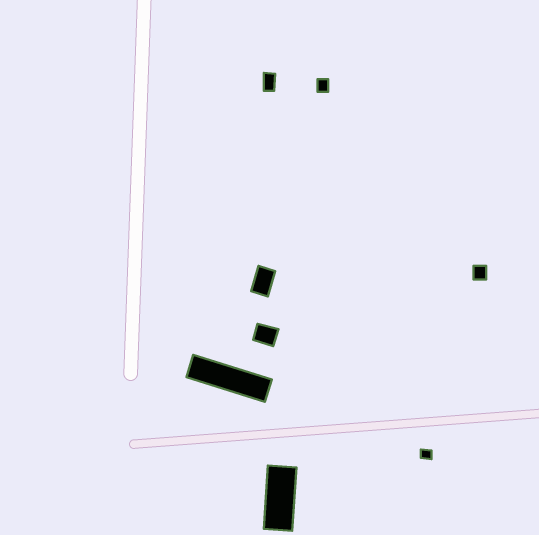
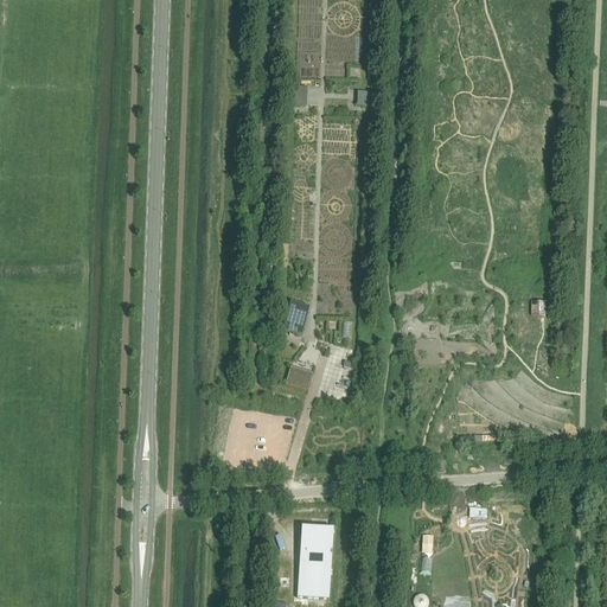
building: [187,355,272,402] -> none

